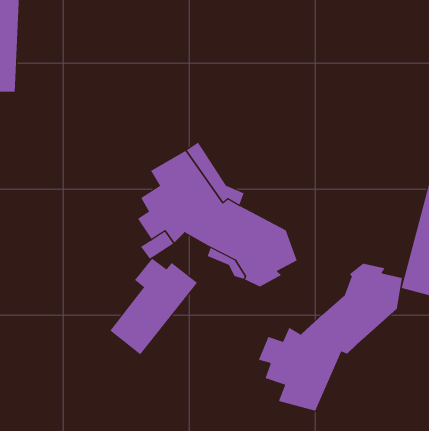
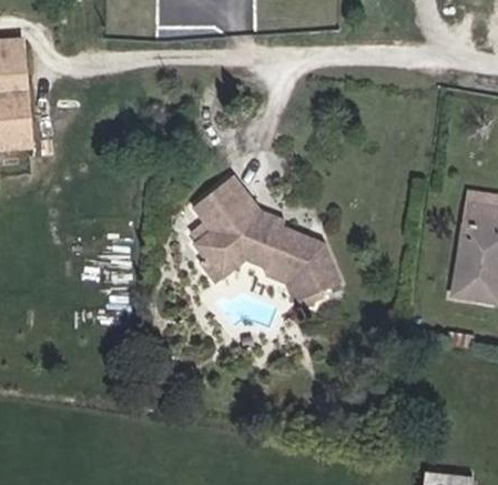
building: [109,258,198,355] -> none
building: [258,263,403,412] -> none

